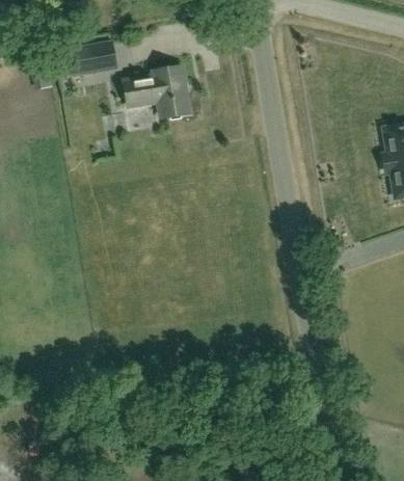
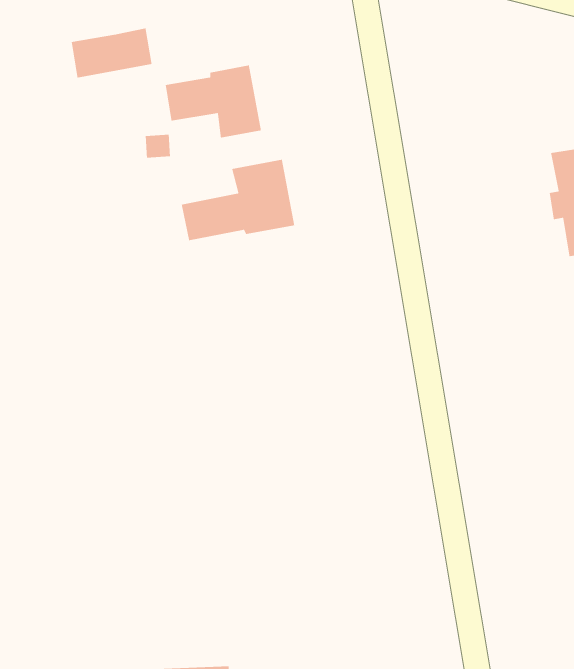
building: none -> [181,159,295,241]

